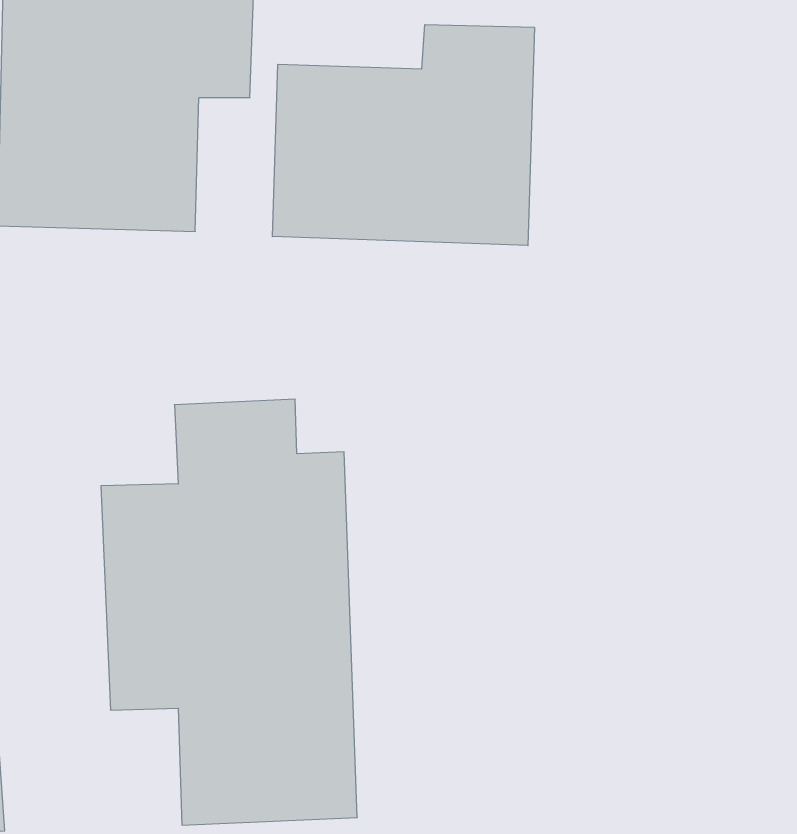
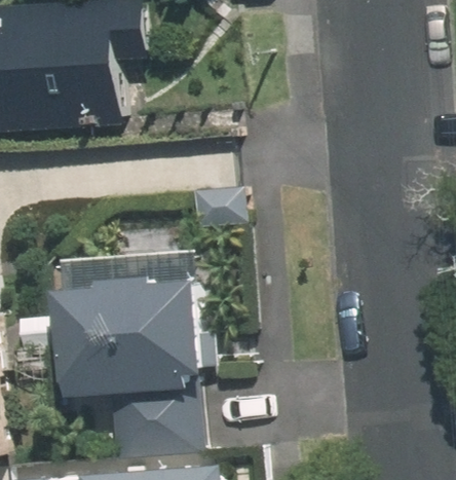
building: [272,25,534,246] -> none

